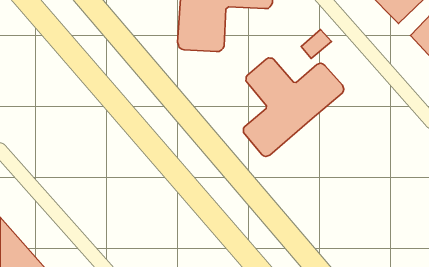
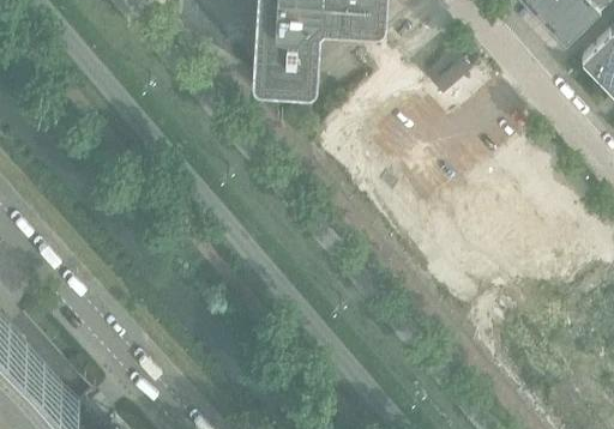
building: [243,58,344,157] -> none

